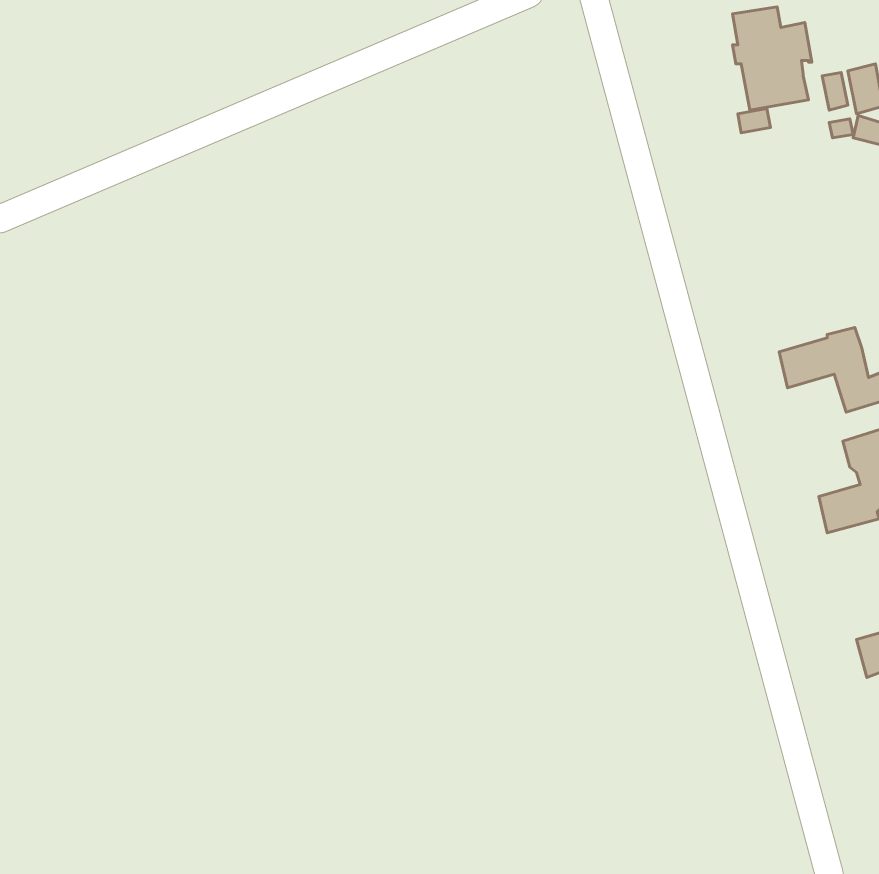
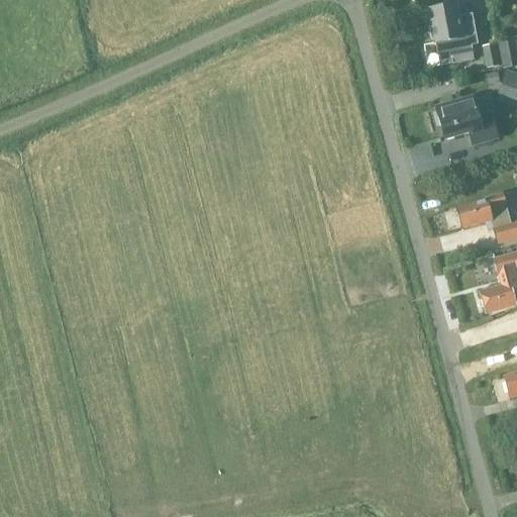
building: none -> [436,97,498,143]

